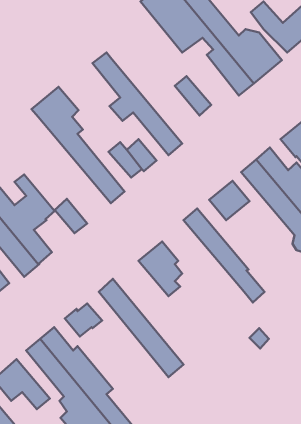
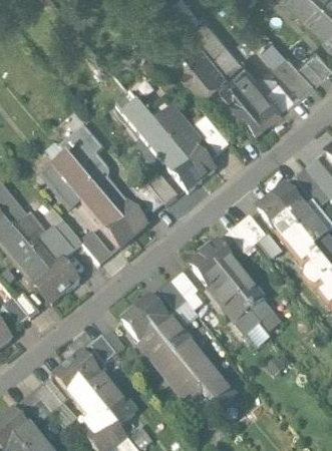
building: none -> [136,97,216,180]
building: none -> [42,155,136,250]
building: none -> [191,253,269,346]
building: none -> [137,296,237,409]

